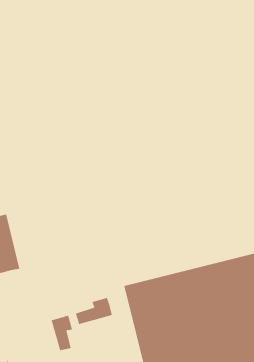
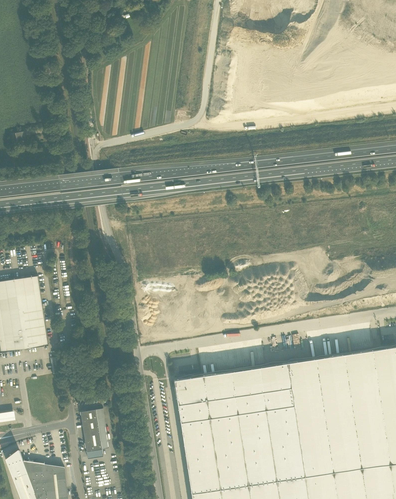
building: [75,297,113,325] -> none

